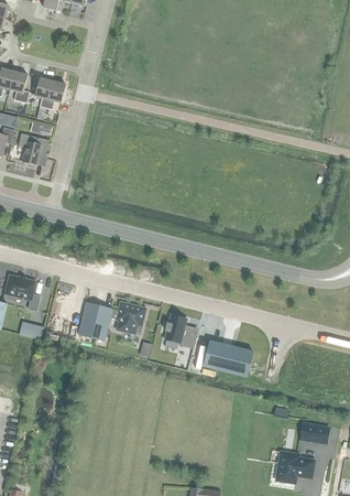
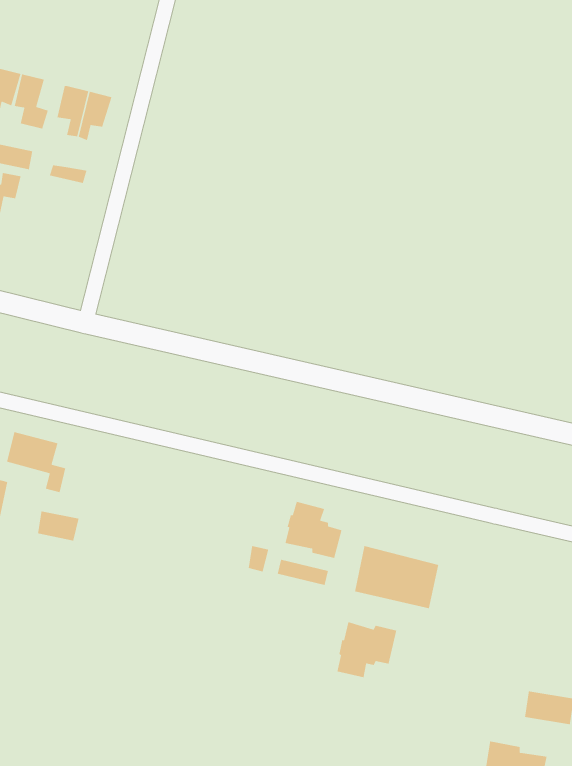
building: [18,132,48,163] -> none
building: [78,301,145,339] -> none
building: none -> [337,621,397,678]

